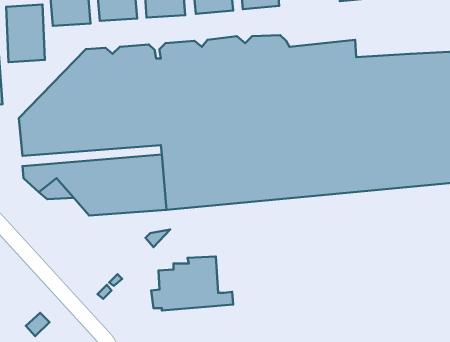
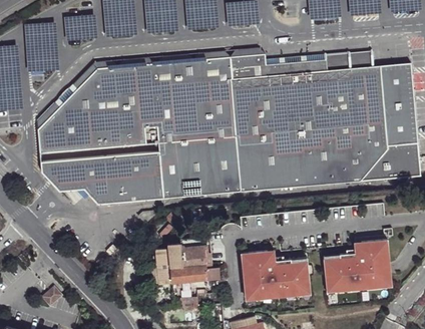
building: none -> [324,50,371,68]
building: none -> [324,239,392,292]
building: none -> [242,252,312,300]

